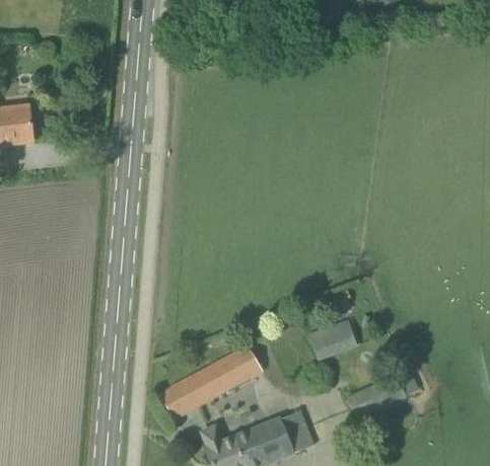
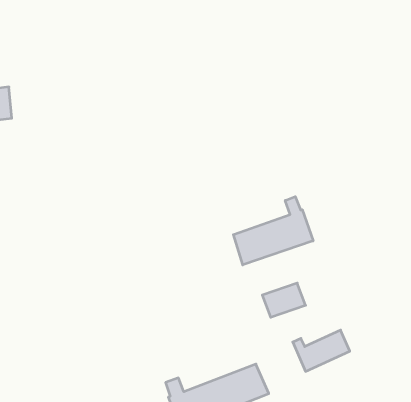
building: none -> [233,197,313,265]
building: [158,343,262,419] -> none

